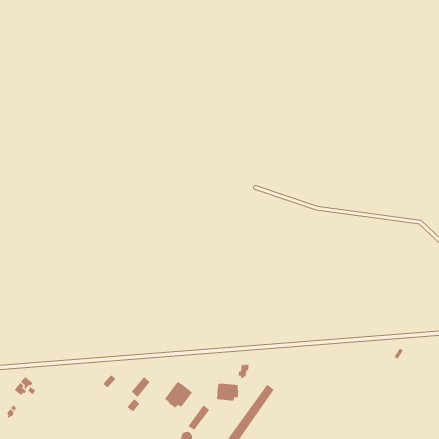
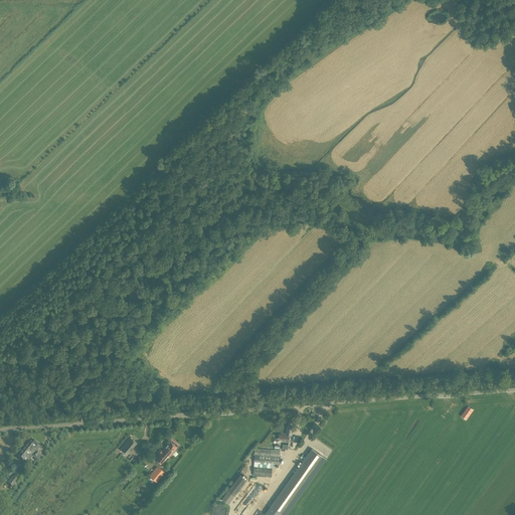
building: [165,381,193,409] -> none

